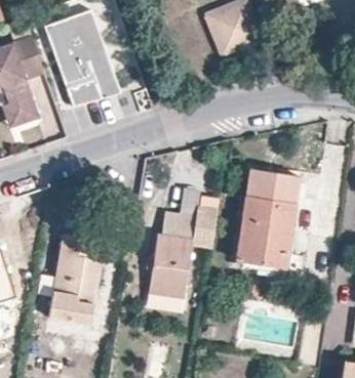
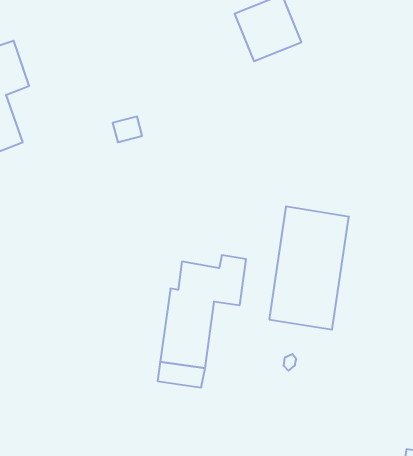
building: [48,9,121,107] -> none
building: [49,235,105,326] -> none

